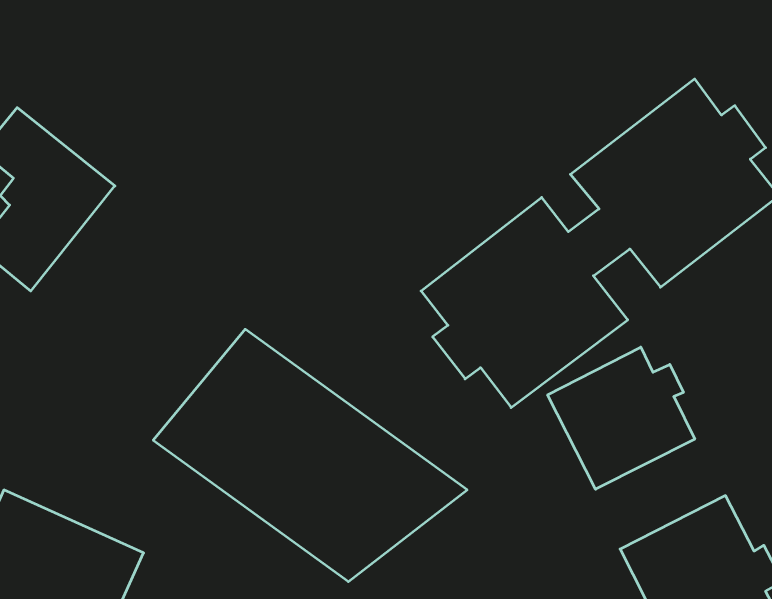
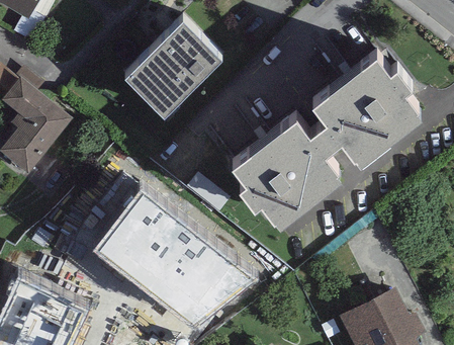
building: none -> [123,21,221,118]
building: [548,347,695,489] -> none

